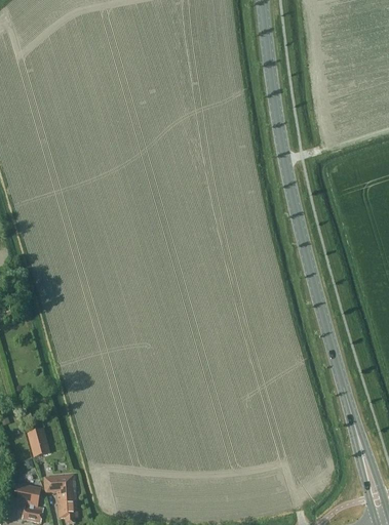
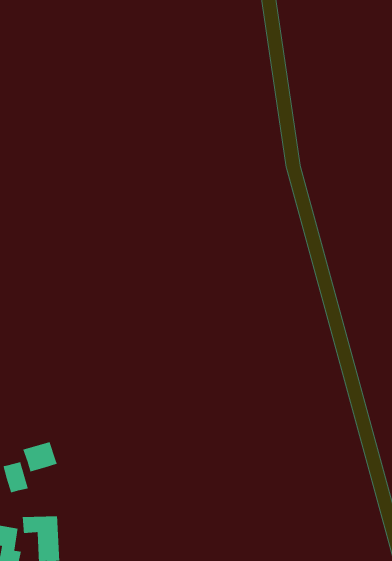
building: none -> [22,441,58,472]

